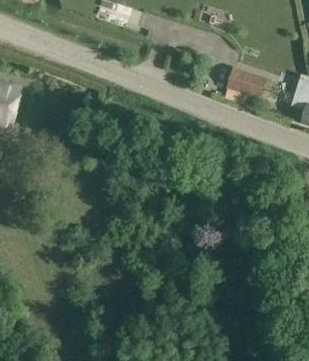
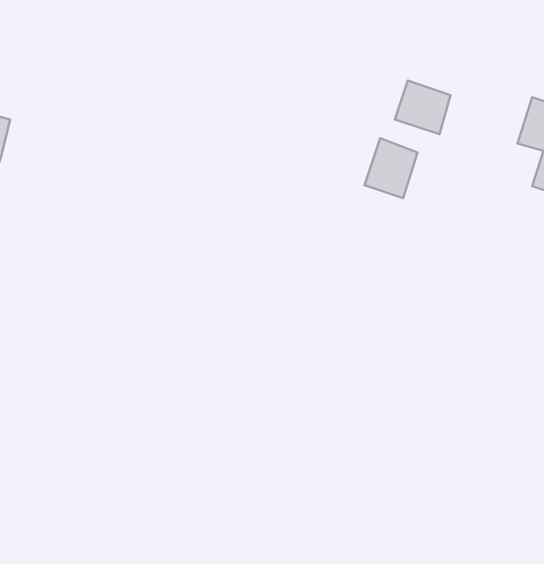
building: none -> [364,138,418,198]

